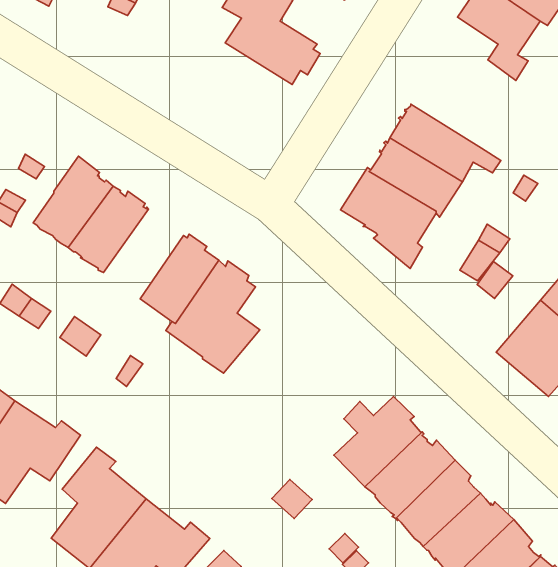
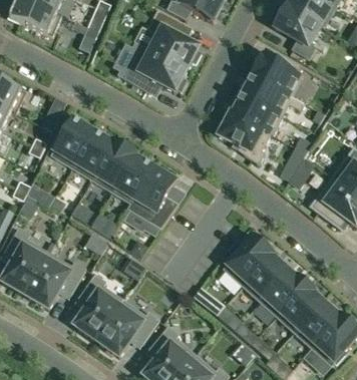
building: none -> [123,45,187,92]
building: none -> [251,52,302,96]
building: none -> [92,142,134,192]

